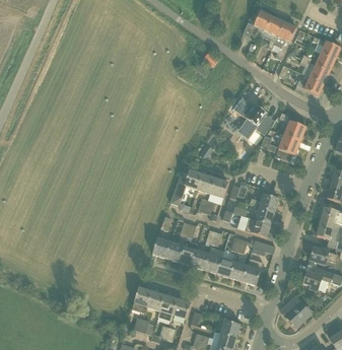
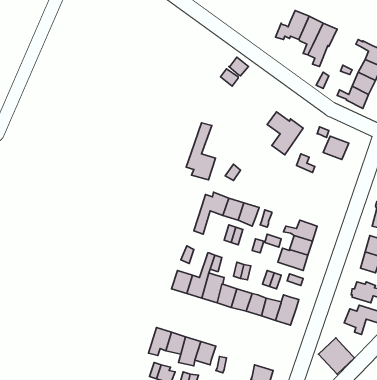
building: none -> [186,123,216,180]
building: [276,134,300,161] -> none

